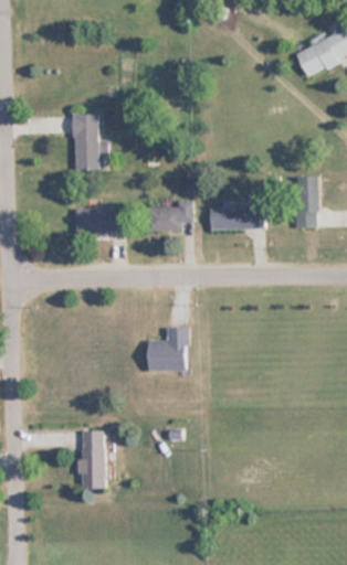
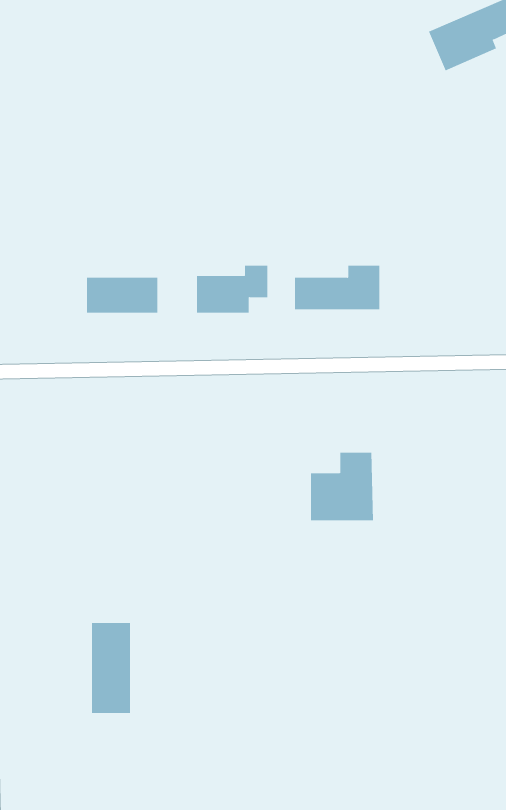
building: [75,114,101,170] -> none
building: [296,177,318,228] -> none
building: [148,327,189,371] -> [310,452,374,521]

